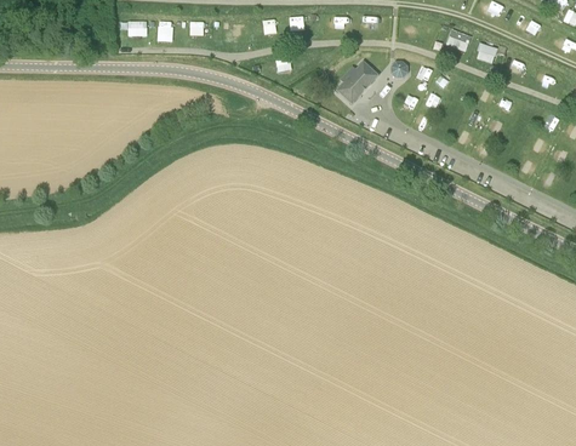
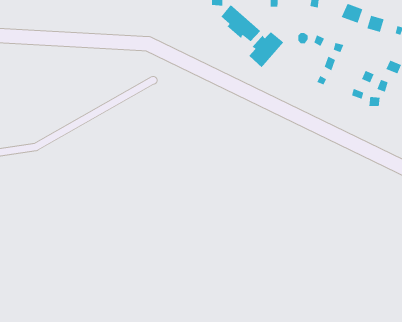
building: none -> [220,4,261,42]

